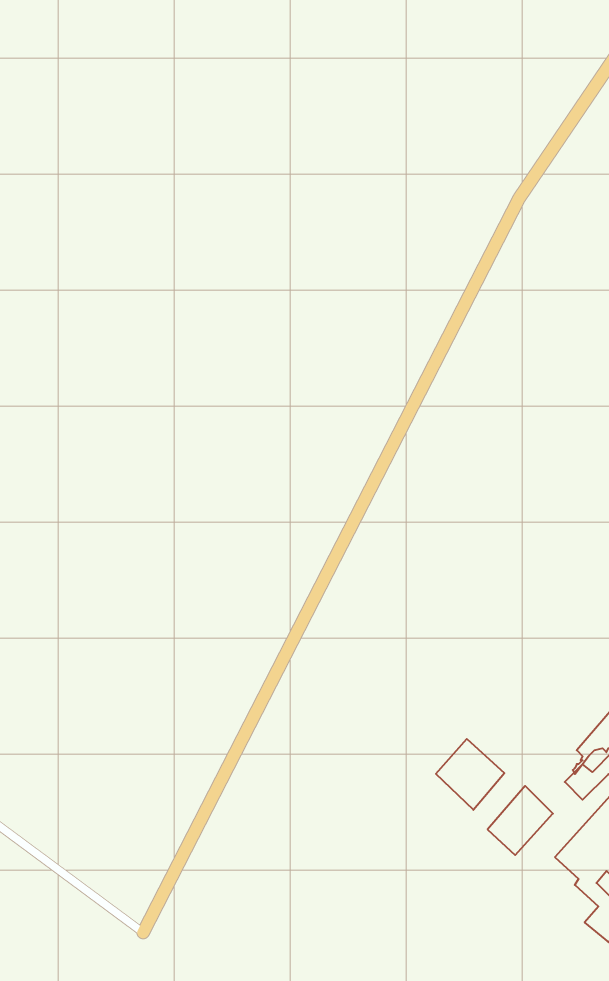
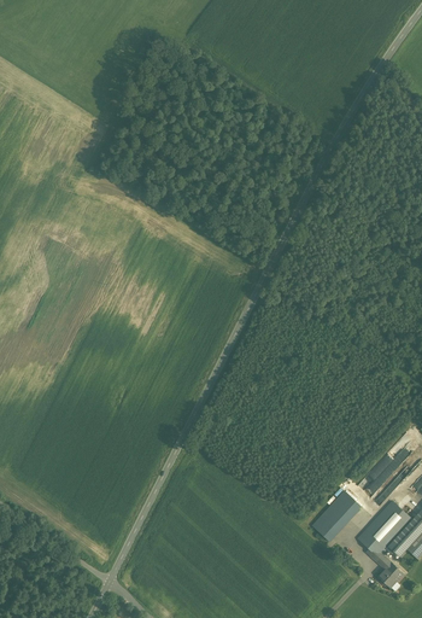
building: [436,739,504,810] -> none

